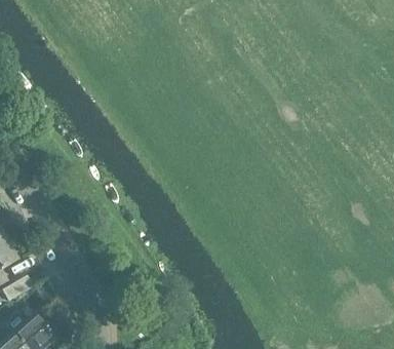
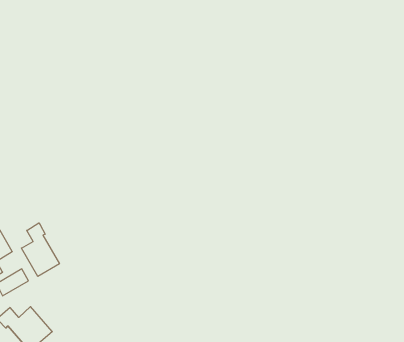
building: none -> [21,223,59,276]

